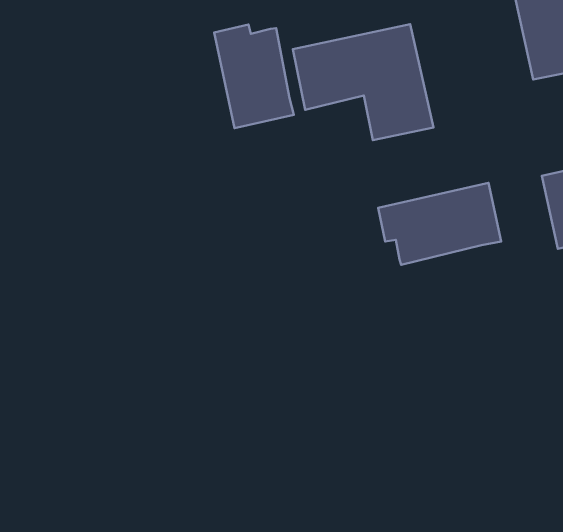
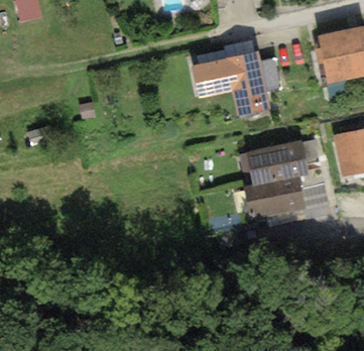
building: [214,25,294,128] -> none
building: none -> [244,174,307,220]

